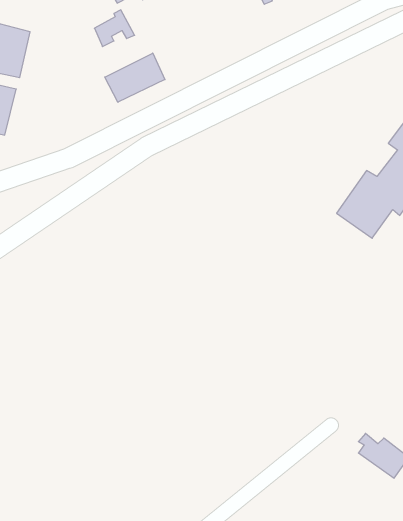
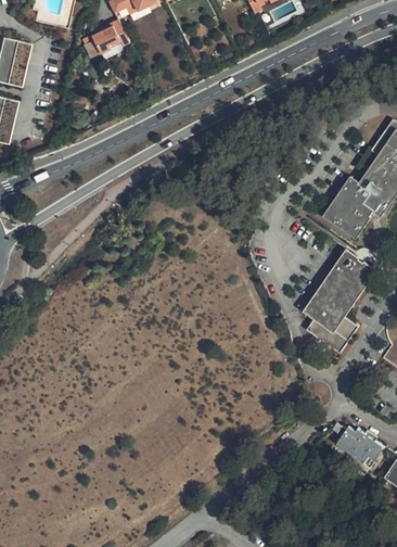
building: [105,53,165,102] -> none
building: none -> [300,249,375,353]

